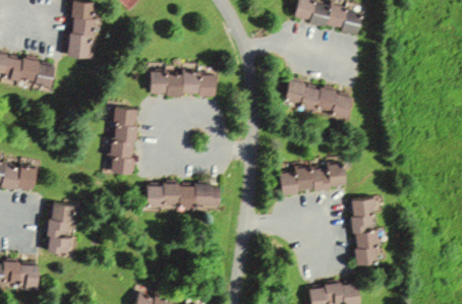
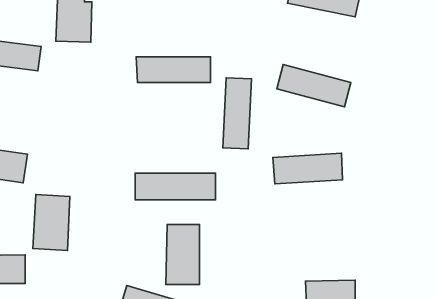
building: [109,106,136,174] -> [223,78,251,149]
building: [351,197,389,265] -> none
building: none -> [166,224,200,285]

